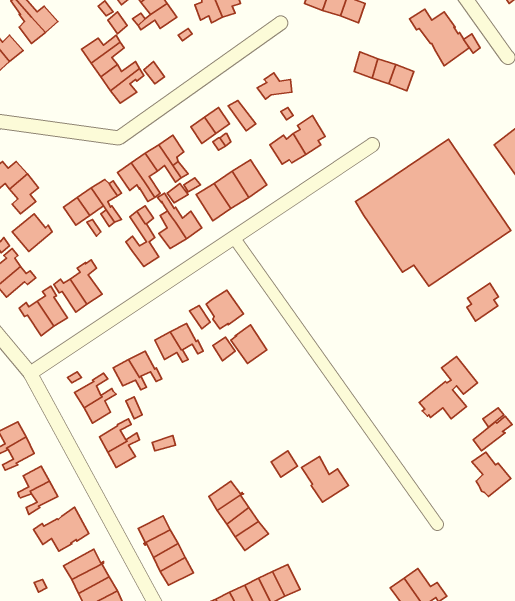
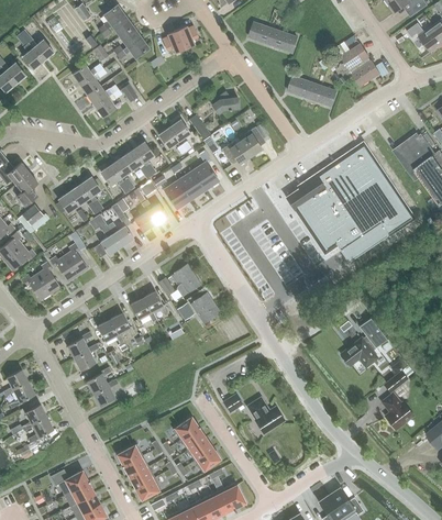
building: none -> [88,213,121,255]
building: [467,283,499,321] -> none
building: [33,507,89,551] -> none

